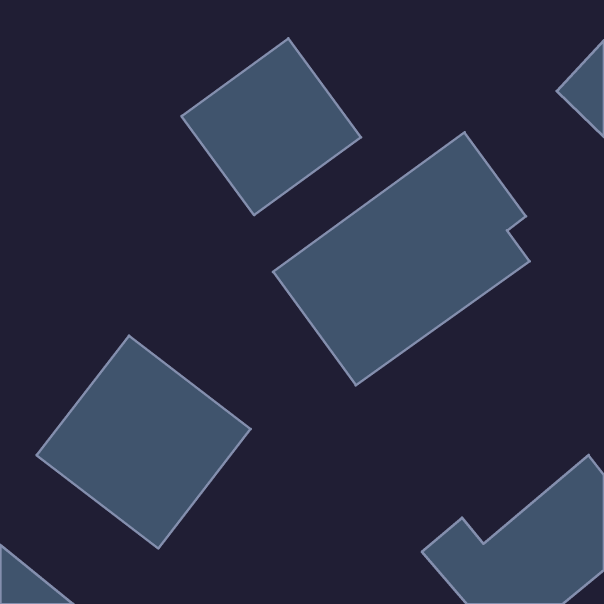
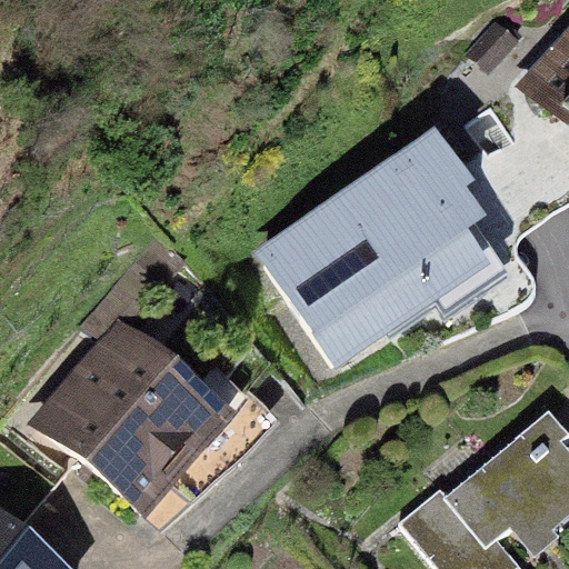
building: [182,38,361,215] -> none

